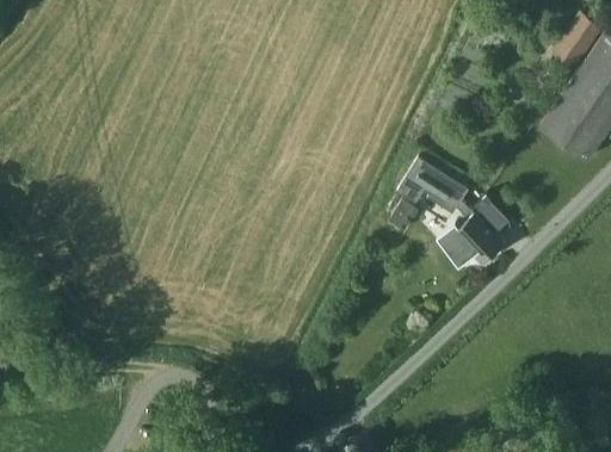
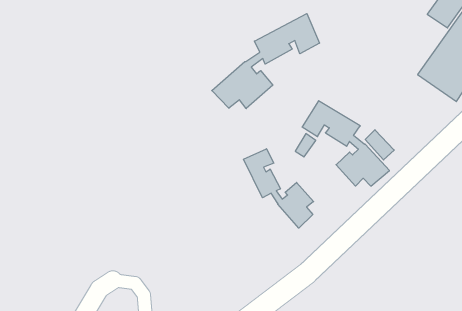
building: none -> [212,14,319,109]
building: none -> [243,149,314,228]

